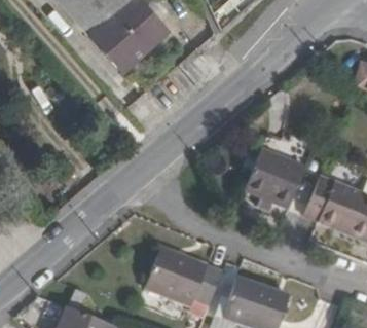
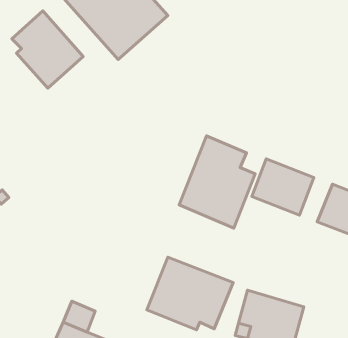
building: none -> [12,11,83,88]
building: none -> [179,136,255,228]

